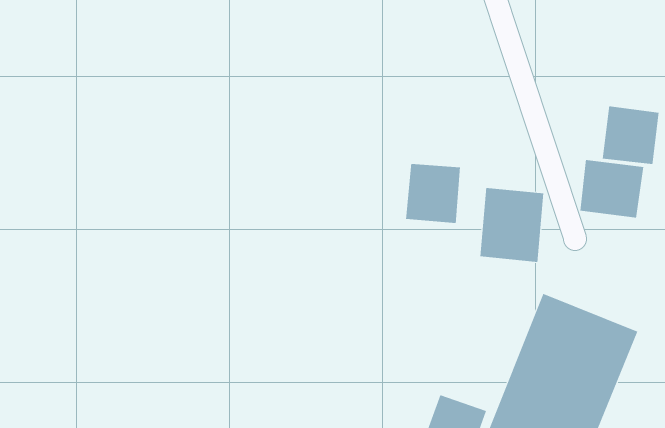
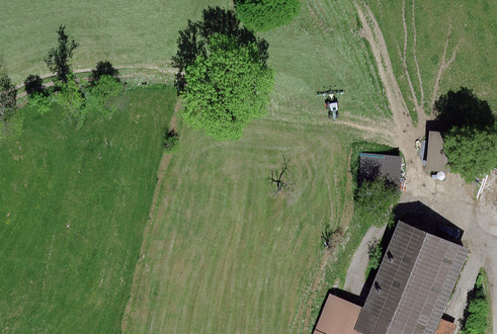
building: [602,105,659,165] -> none
building: [405,163,460,224] -> none

